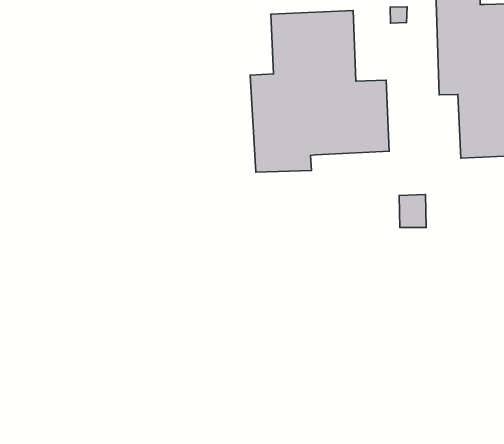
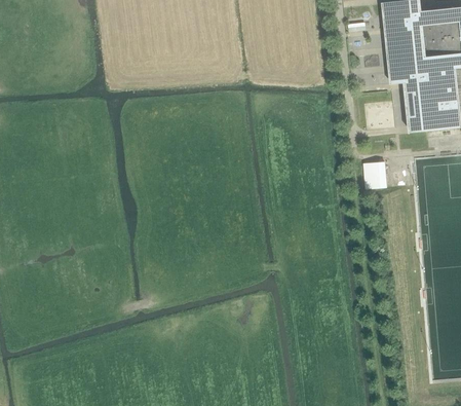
building: [250,10,389,172] -> none

